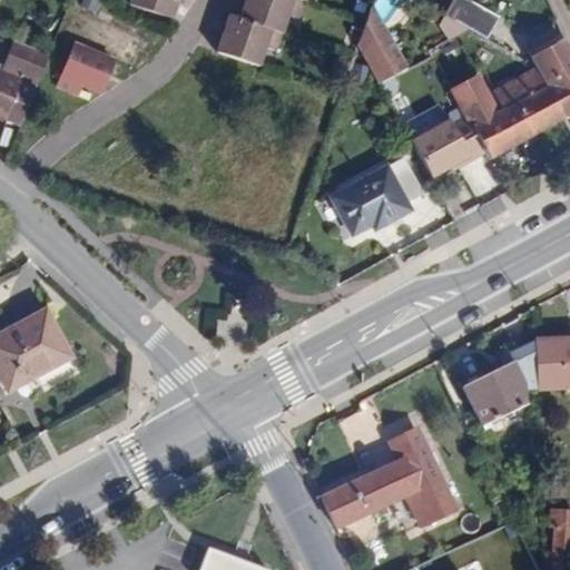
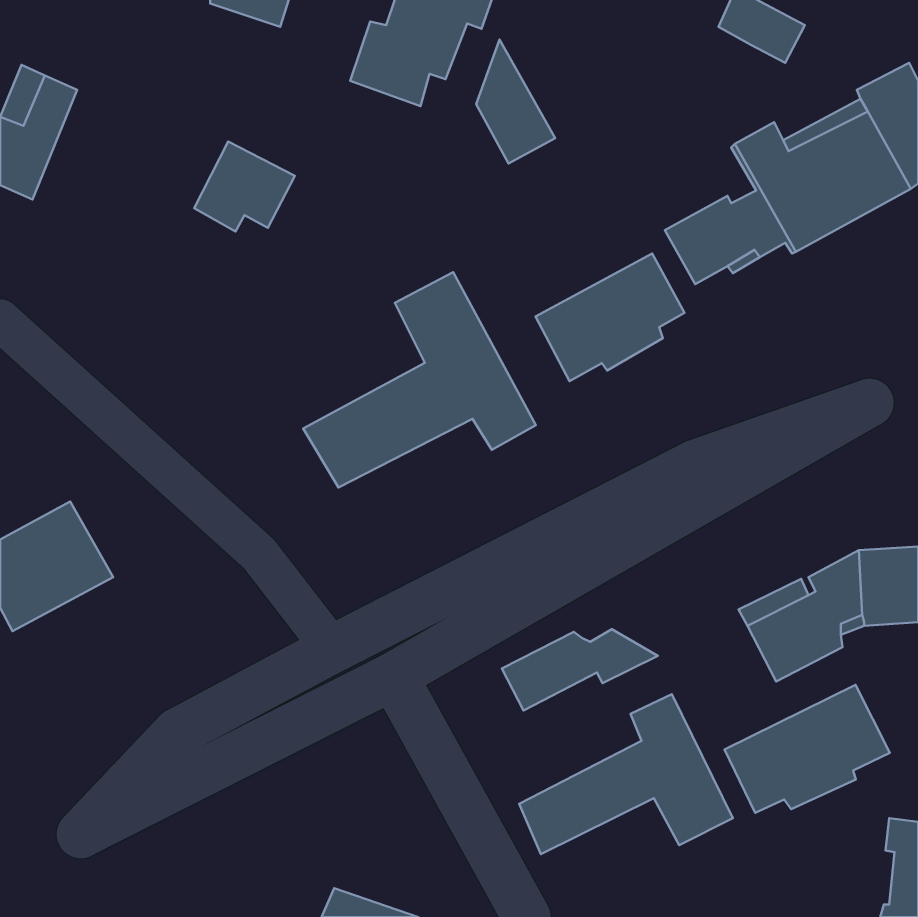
building: [357,6,406,82] -> [476,39,555,163]
building: [48,38,110,94] -> [194,142,295,231]
building: none -> [303,272,536,488]
building: none -> [502,629,658,710]
building: none -> [724,685,890,813]

